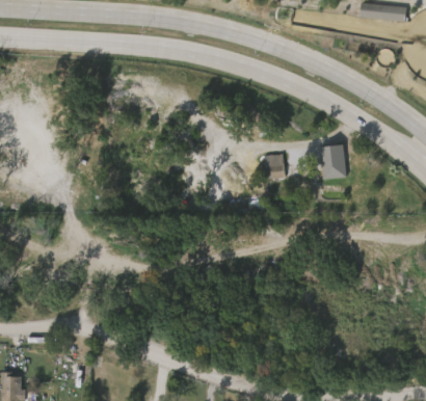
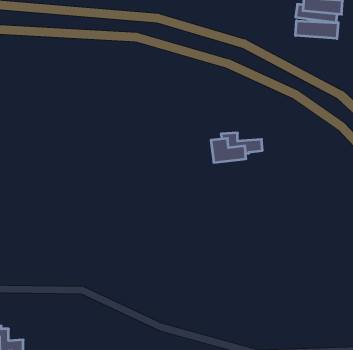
building: none -> [296,21,338,39]
building: [319,144,345,176] -> none

